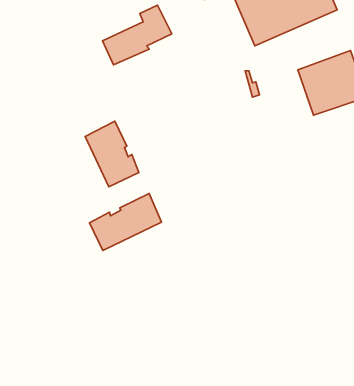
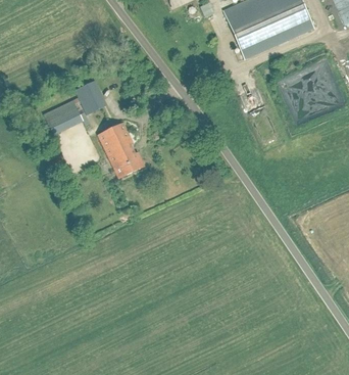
building: [103,5,172,65] -> [43,82,102,133]
building: [90,194,162,250] -> none

